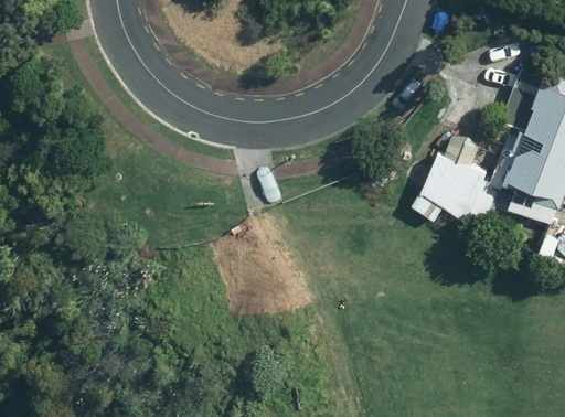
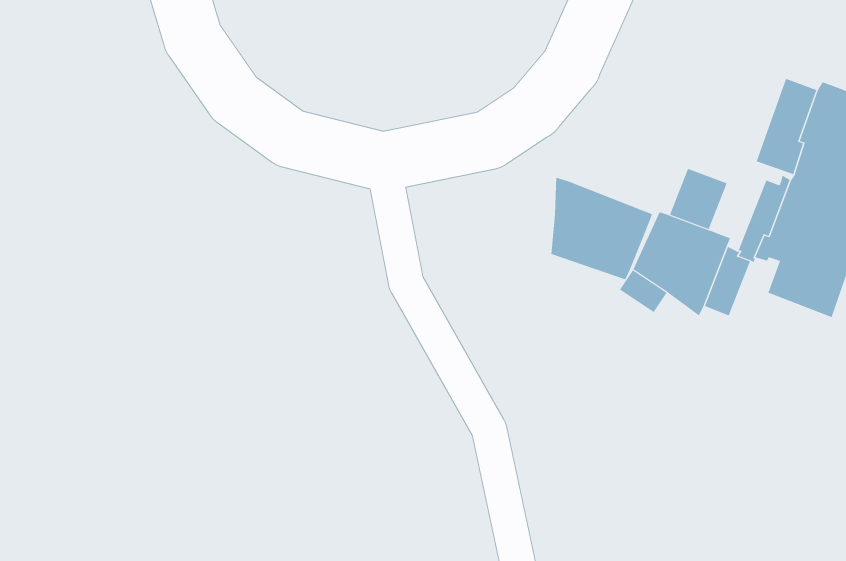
building: none -> [551,177,653,280]

